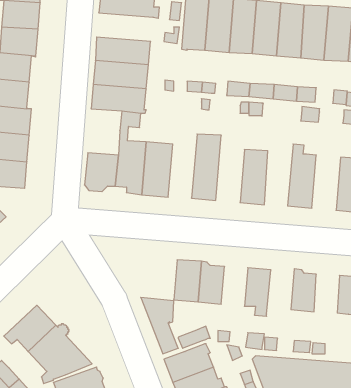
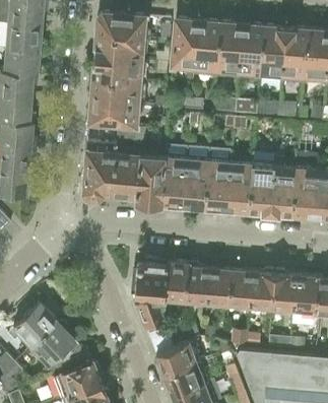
building: none -> [93,35,145,61]
building: none -> [85,141,115,165]
building: none -> [159,144,186,205]
building: none -> [203,147,231,209]
building: none -> [248,151,274,212]
building: none -> [291,165,318,216]
building: none -> [133,260,168,299]
building: none -> [208,268,233,305]
building: none -> [250,269,275,317]
building: none -> [293,275,317,311]

